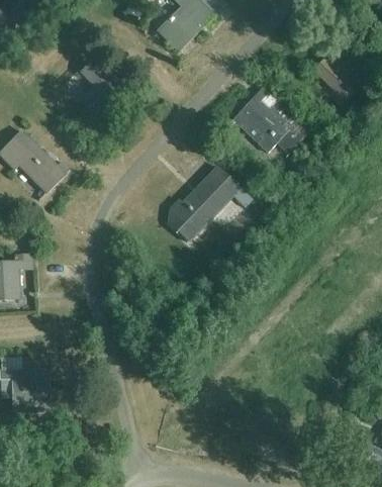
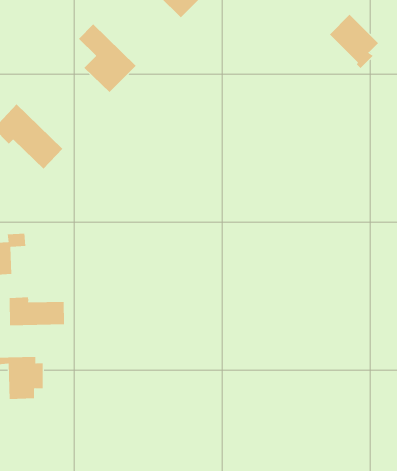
building: [237,95,299,151] -> none
building: [168,166,253,239] -> none
building: none -> [9,297,65,326]

